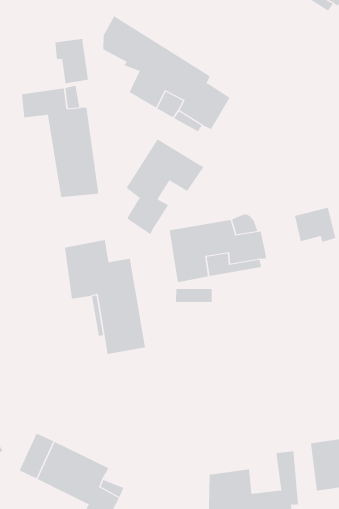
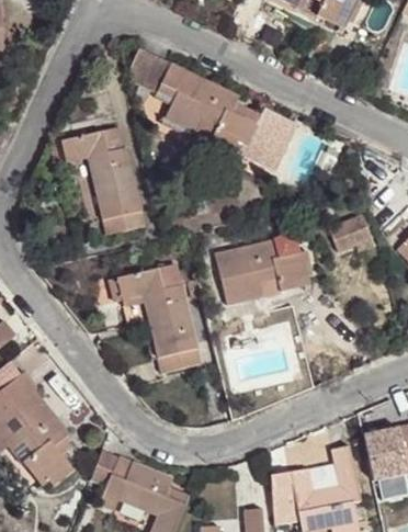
building: [55,38,88,84] -> none
building: none -> [243,112,294,165]
building: [126,138,204,235] -> none

